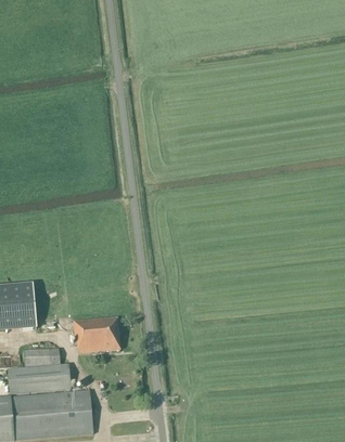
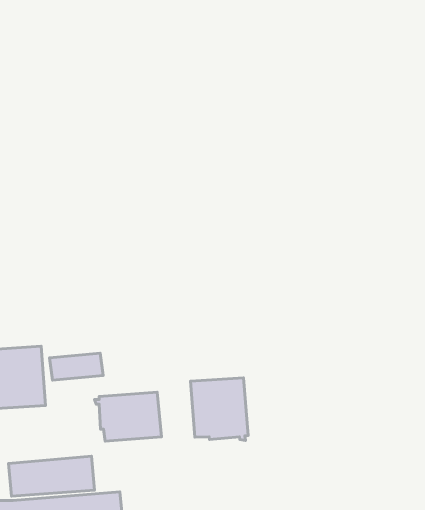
building: none -> [190,378,248,440]
building: [23,347,62,366] -> [50,353,103,380]

